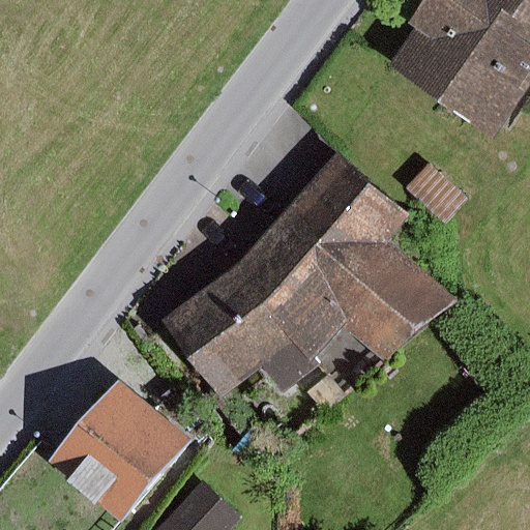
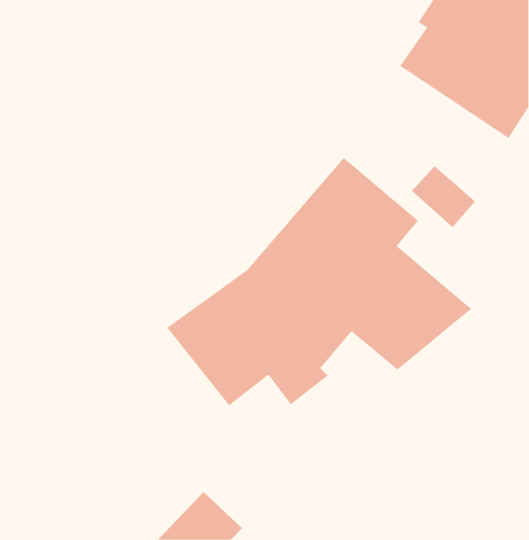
building: [47,379,196,523] -> none

